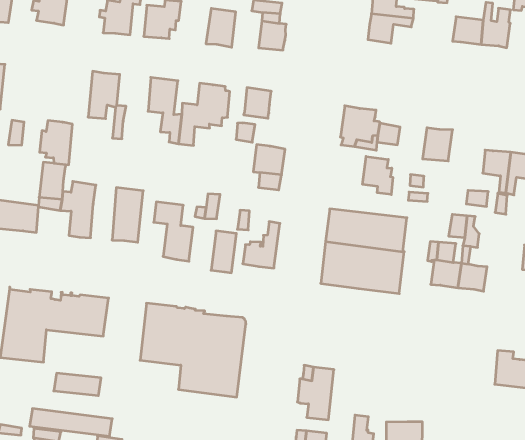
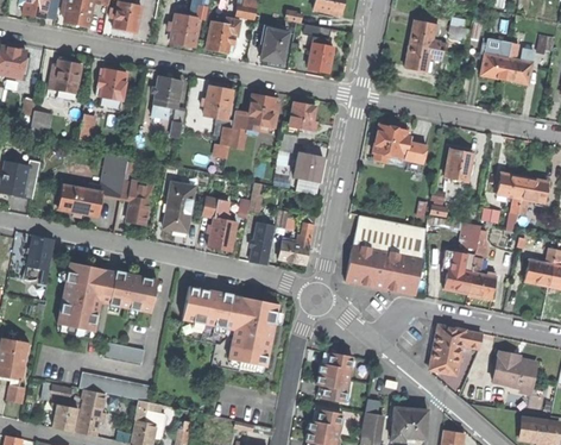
building: [40,121,72,165] -> [95,69,126,109]
building: [363,156,393,195] -> none
building: none -> [429,324,481,374]

